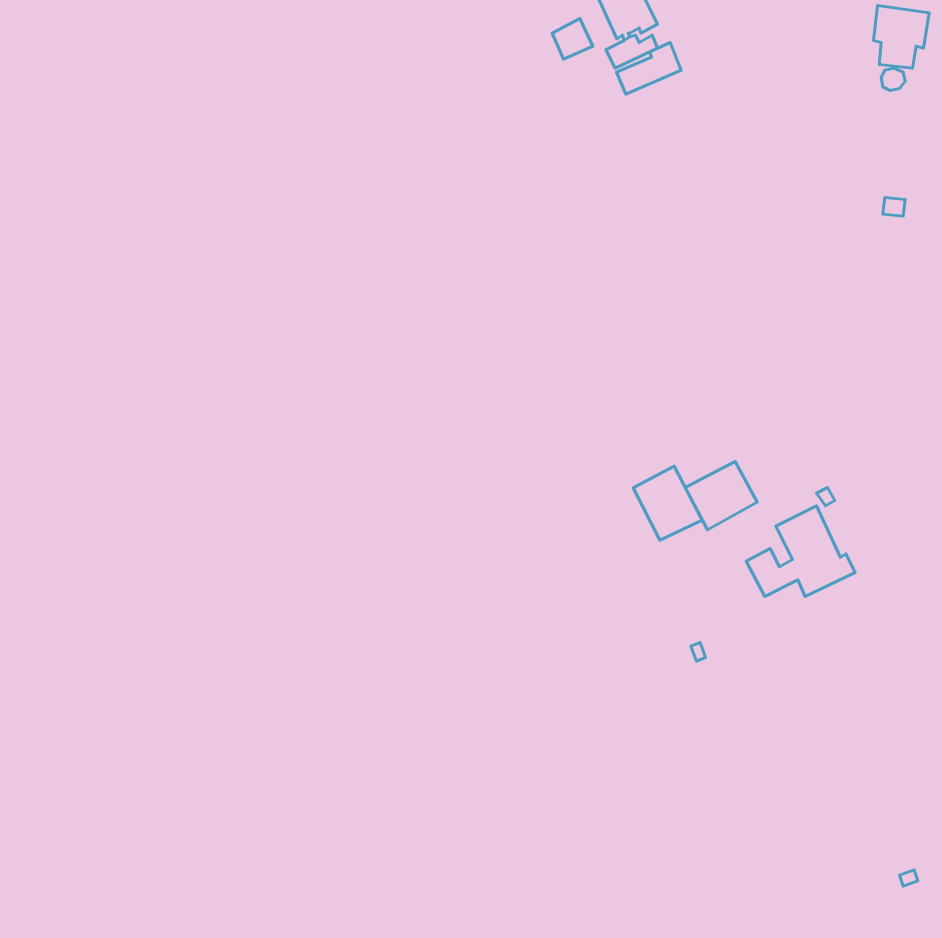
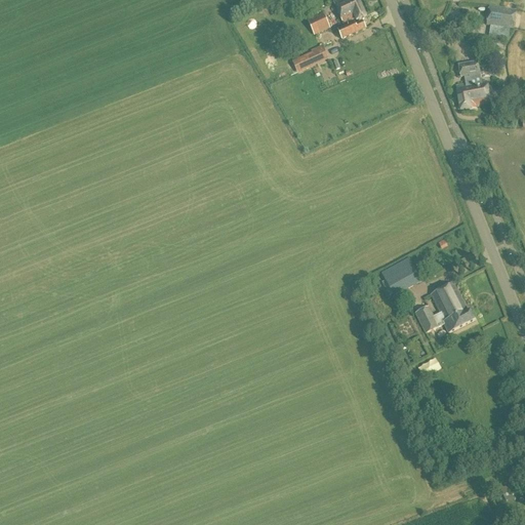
building: [616,43,681,94] -> [291,42,327,71]
building: none -> [455,59,489,109]
building: [633,466,702,540] -> none

